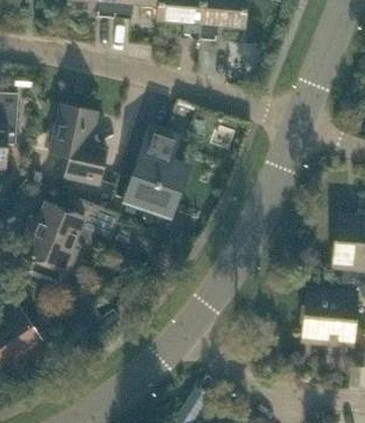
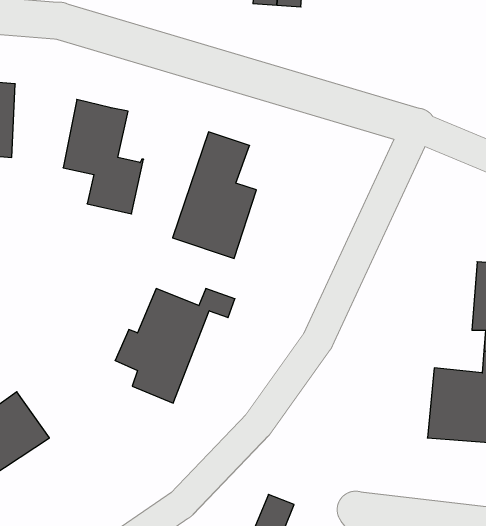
building: [18,203,101,282] -> [115,289,235,403]

